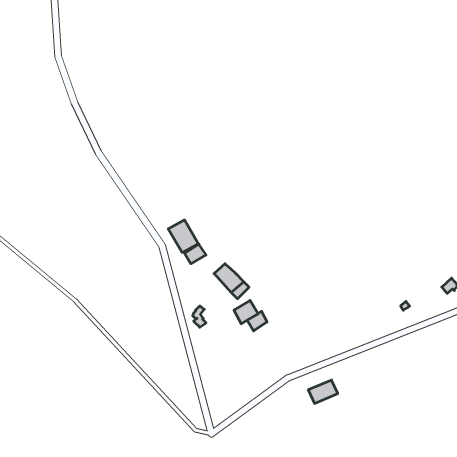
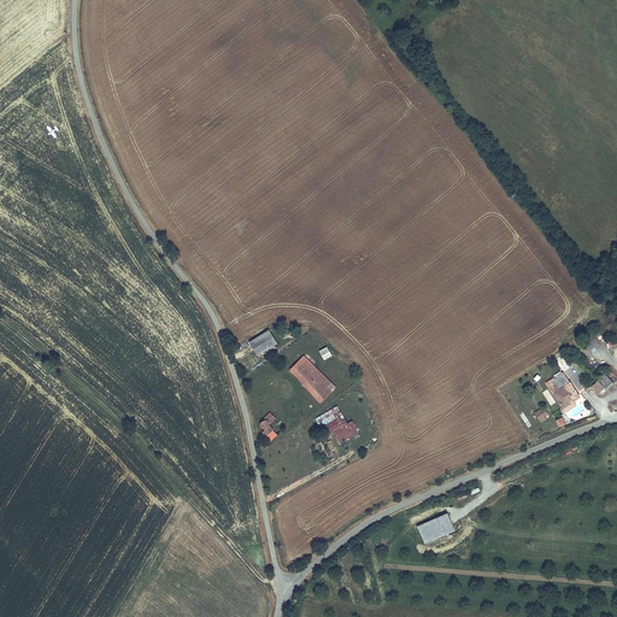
building: [168,220,198,252] -> none
building: none -> [551,372,582,407]

